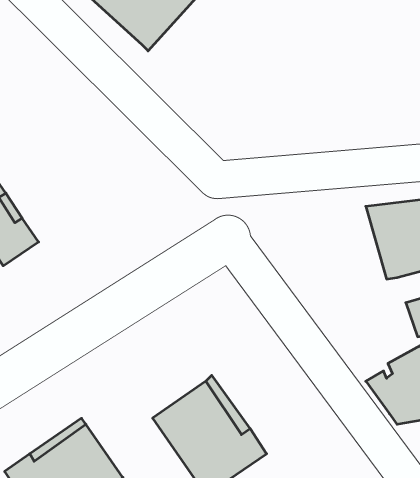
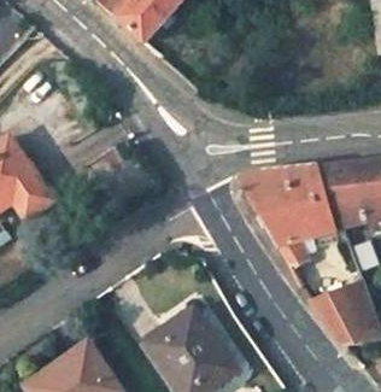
building: none -> [241,170,336,269]

